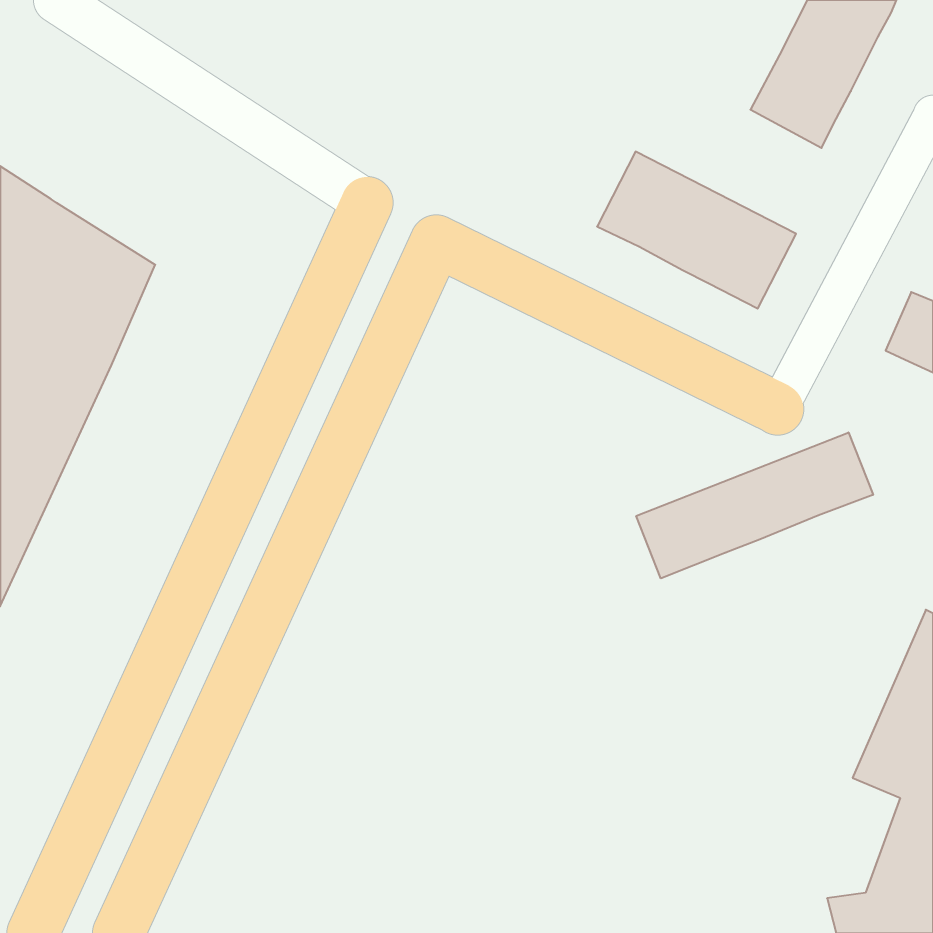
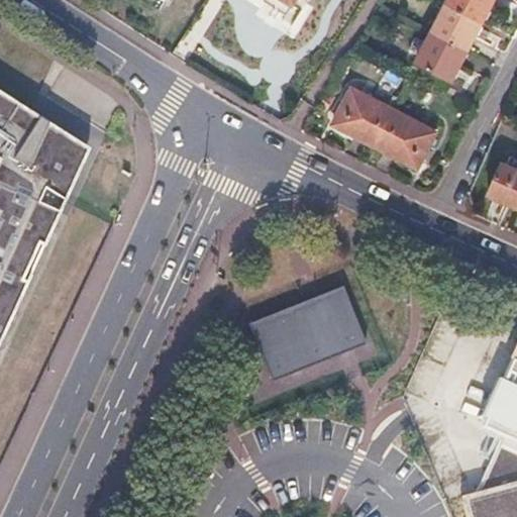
building: [636,432,873,578] -> none
building: none -> [246,286,365,382]

